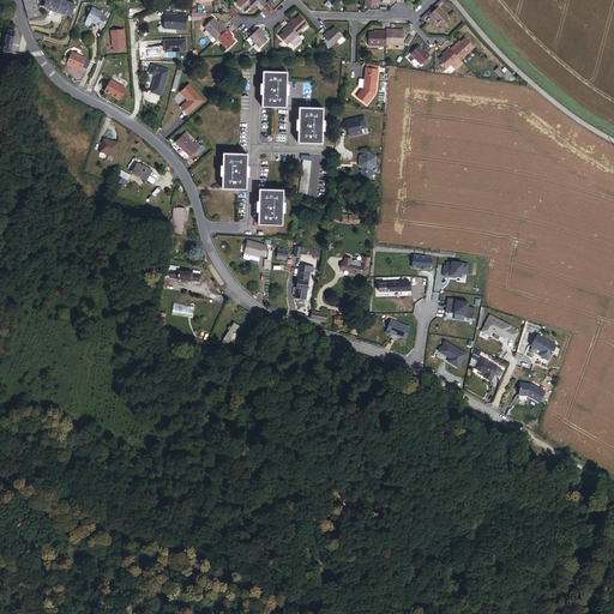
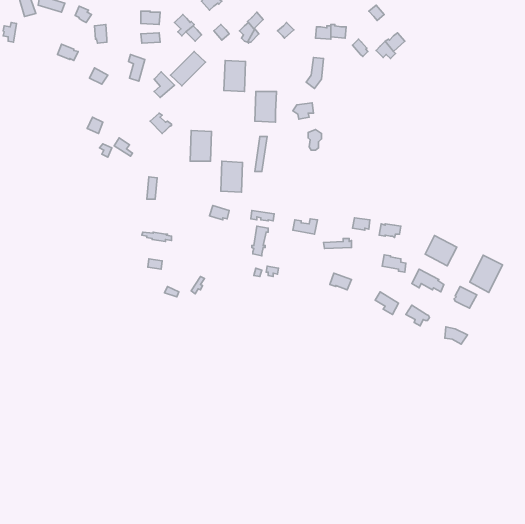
building: none -> [171,52,205,86]
building: none -> [425,236,457,266]
building: none -> [470,255,503,292]

